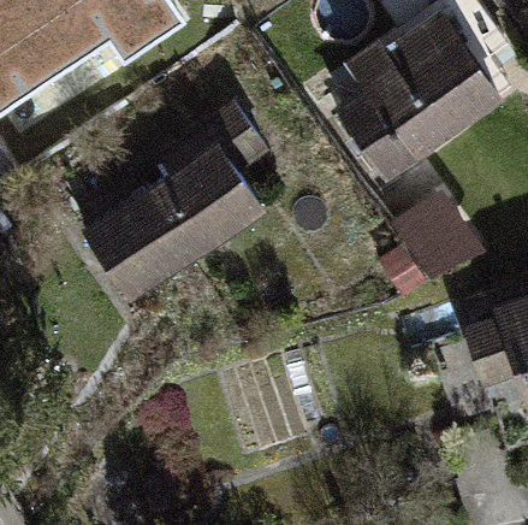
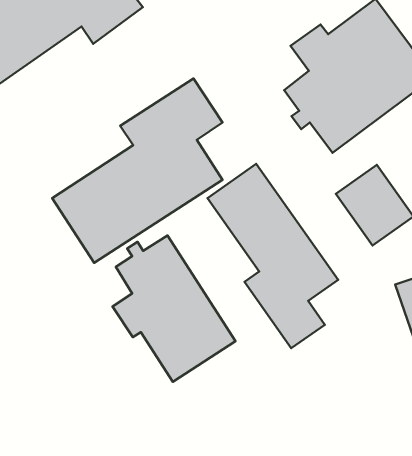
building: none -> [208,164,338,348]
building: none -> [112,235,236,382]

